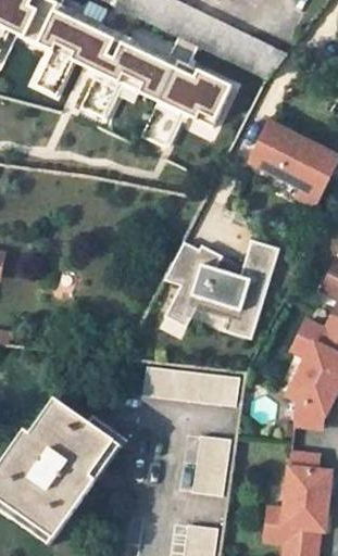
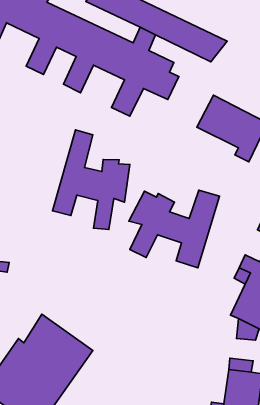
building: none -> [52,130,130,229]
building: [143,366,239,407] -> none
building: [192,435,230,496] -> none

